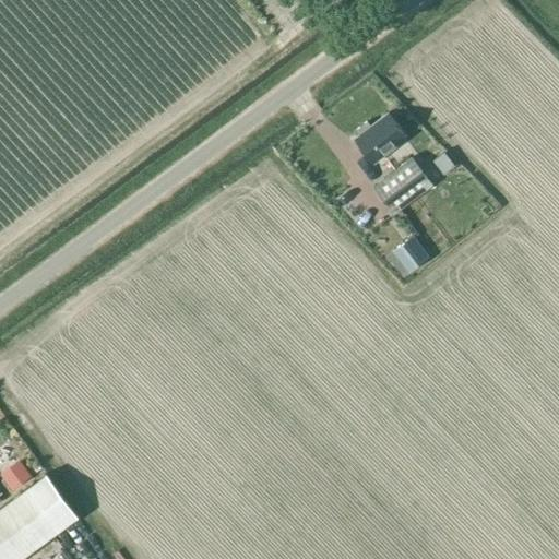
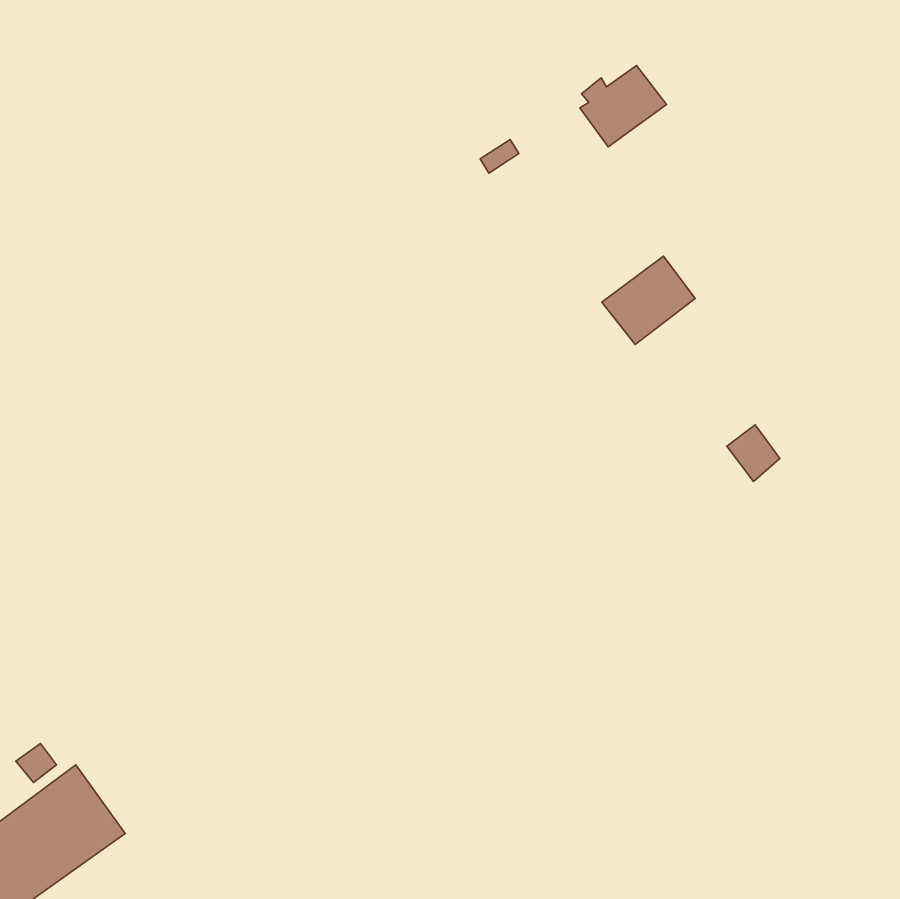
building: [354,115,407,165] -> [580,66,666,147]
building: [394,238,427,273] -> [727,425,780,481]

